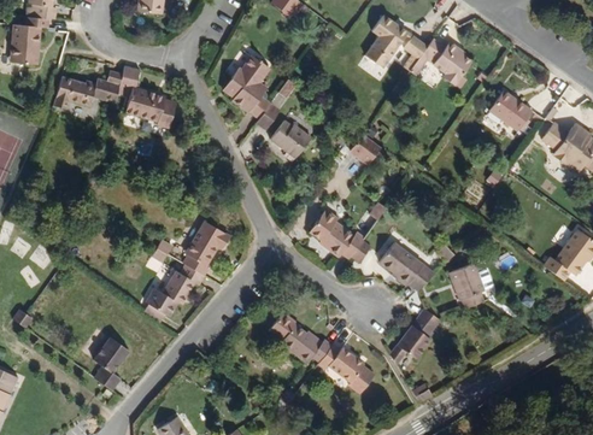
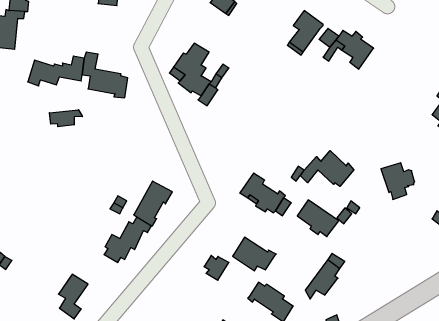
building: [487,90,529,131] -> none
building: [271,122,311,158] -> none
building: [351,135,386,167] -> none
building: none -> [49,110,82,127]
building: none -> [300,151,354,186]
building: [448,264,489,308] -> [381,163,415,199]
building: [280,323,333,364] -> [233,237,276,271]

